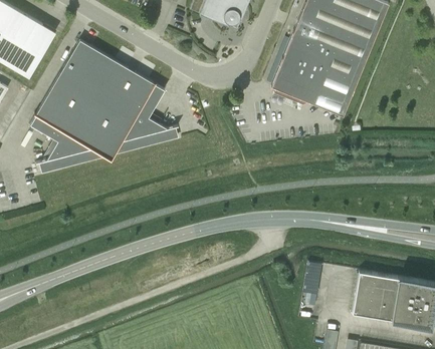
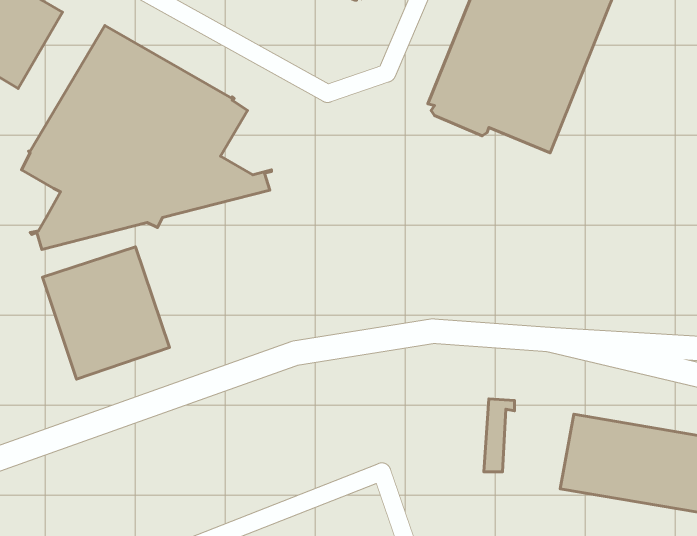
building: none -> [42,247,170,379]

